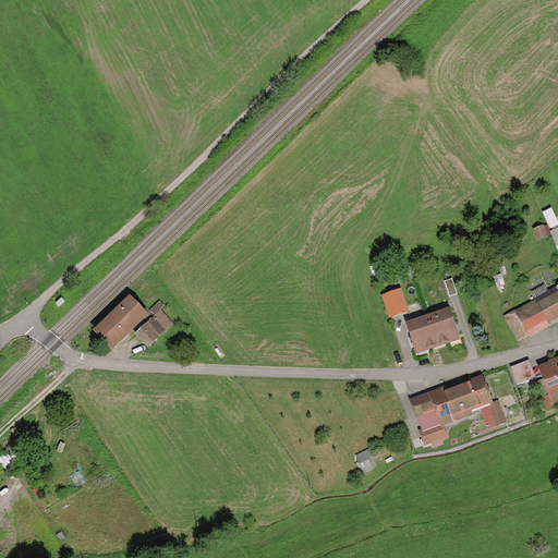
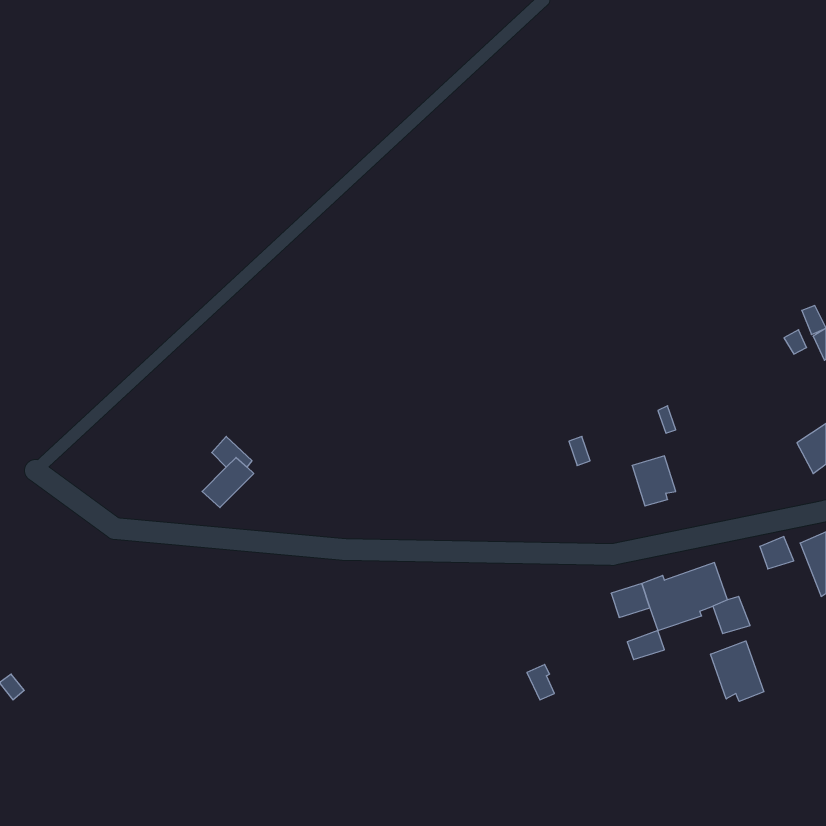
building: [94,295,144,344] -> none
building: [505,299,548,337] -> none
building: [407,314,435,344] -> none
building: none -> [711,641,764,701]

